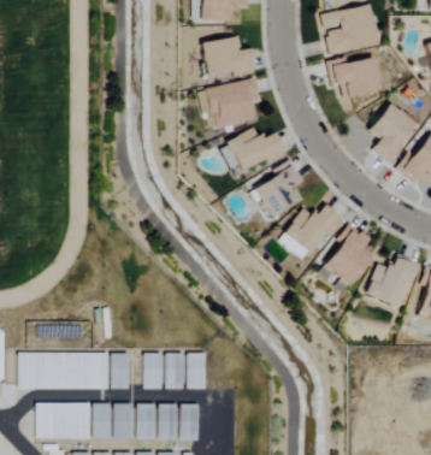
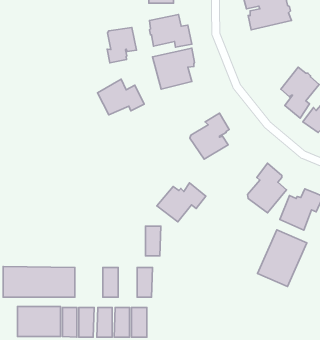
building: none -> [107,27,136,63]
building: [326,57,380,98] -> none
building: [226,124,285,169] -> [97,79,144,115]
building: [283,203,344,253] -> [157,183,206,222]
building: none -> [258,230,307,287]
building: [111,353,129,390] -> none
building: [165,353,184,390] -> [146,226,161,256]

